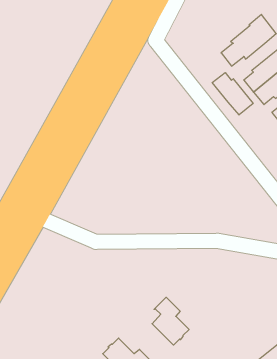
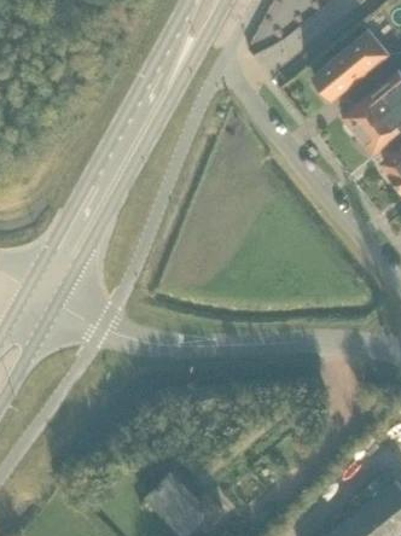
building: [212,73,253,115] -> none
building: [152,297,189,345] -> none

